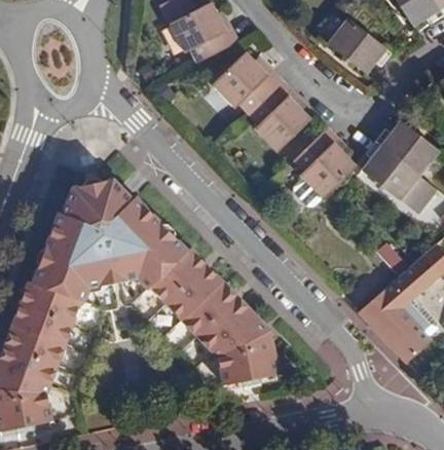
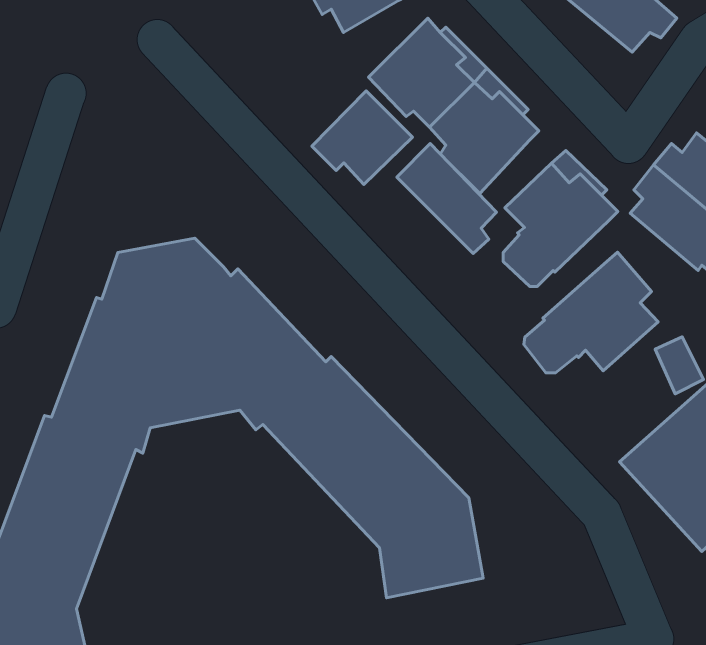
building: none -> [312,91,412,185]
building: none -> [397,144,496,253]
building: none -> [524,252,658,373]

